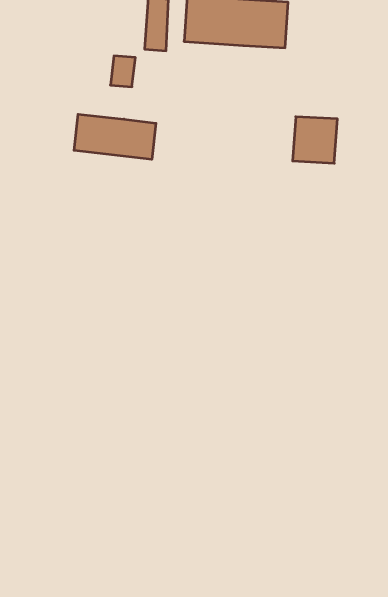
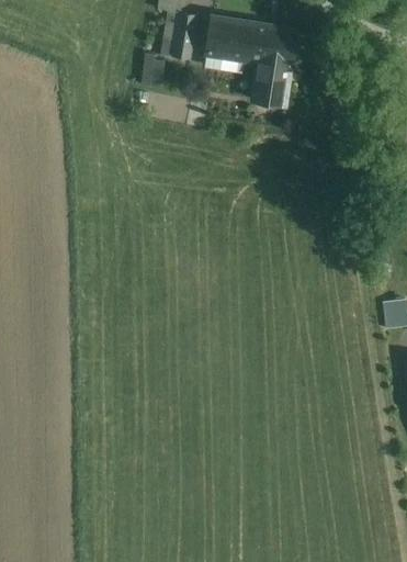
building: [74,114,156,159] -> none
building: [293,117,337,163] -> [256,64,298,108]

